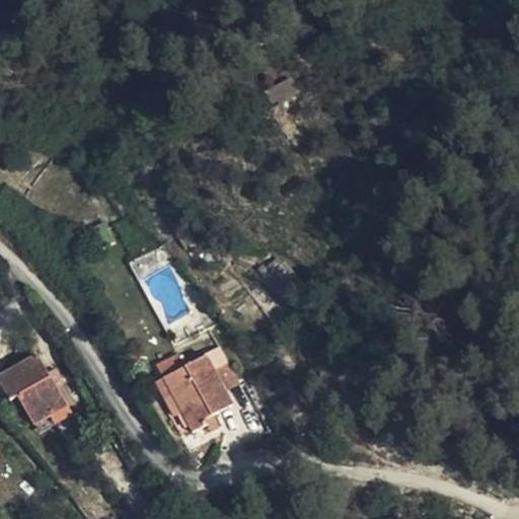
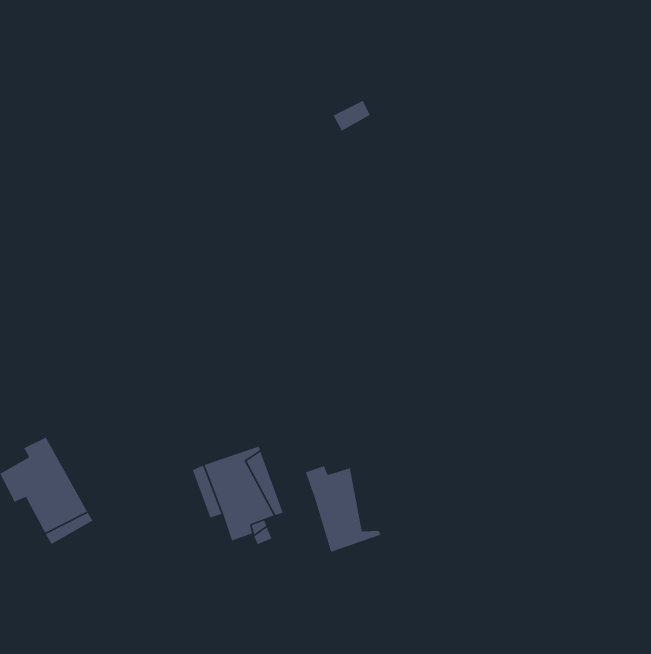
building: none -> [305,465,382,553]

